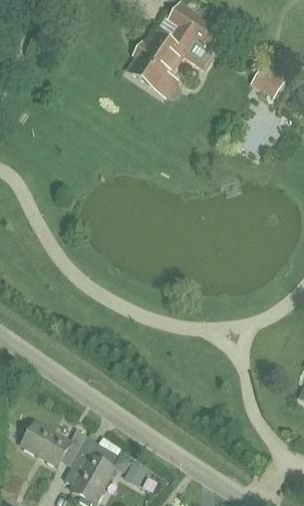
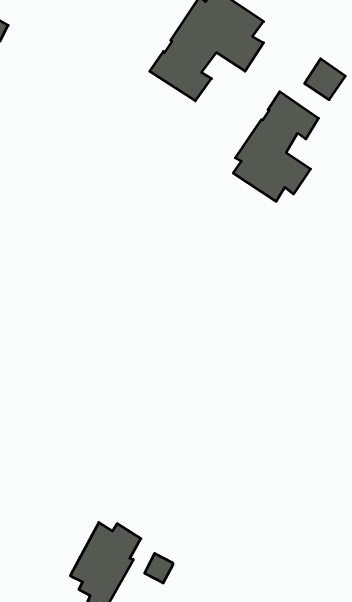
building: none -> [233,92,319,201]
building: [20,421,86,466] -> none

